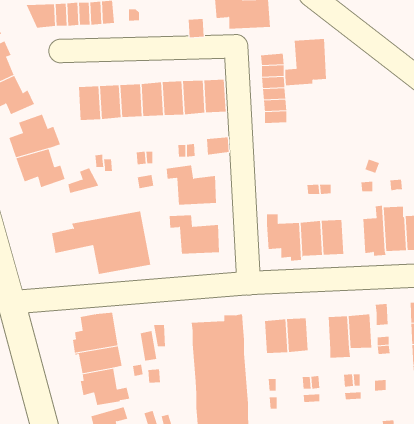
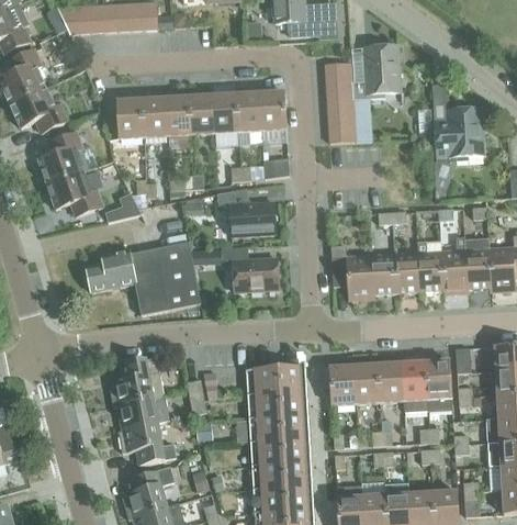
building: none -> [434,108,483,161]
building: none -> [416,237,442,291]
building: none -> [376,362,403,401]

